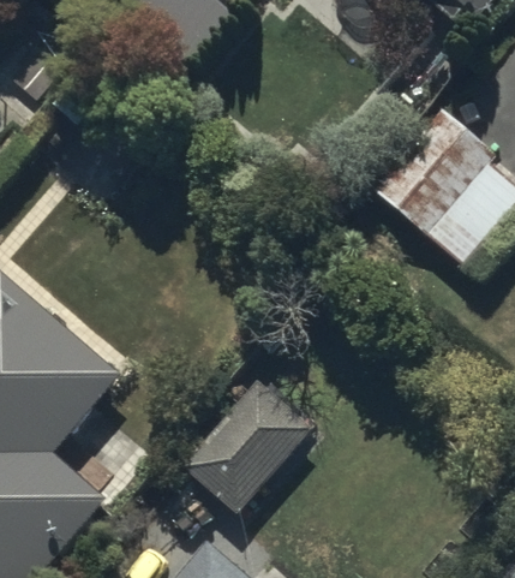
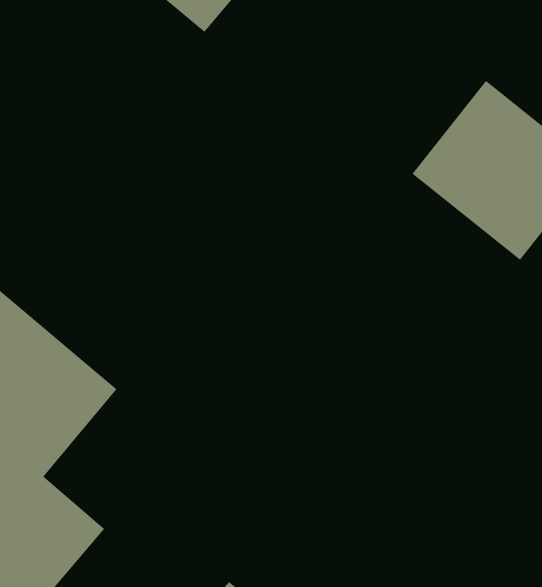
building: [188,391,321,526] -> none

